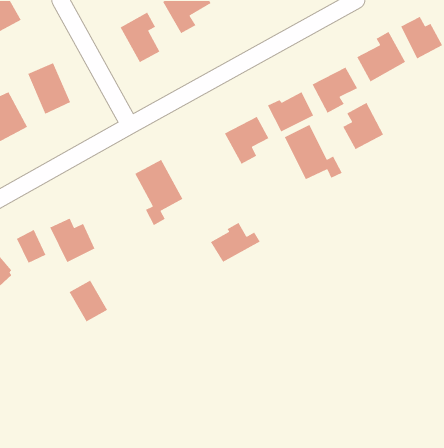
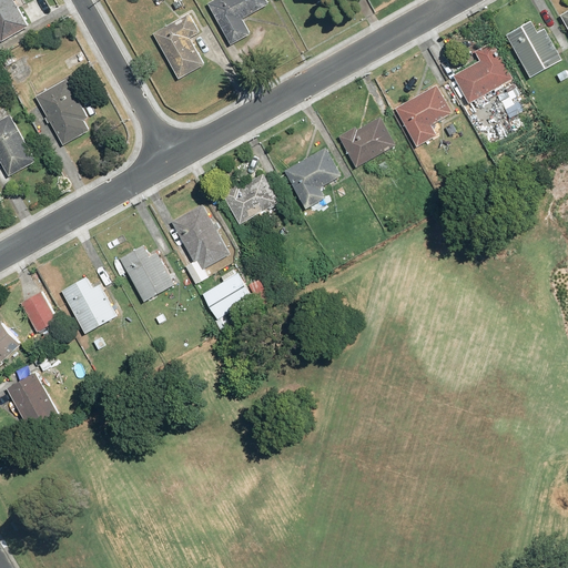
building: [342,102,384,150] -> none
building: [284,124,343,180] -> none
building: none -> [222,173,280,223]
building: none -> [118,241,174,302]
building: [210,222,261,263] -> [201,267,265,320]
building: [69,279,108,322] -> [7,372,57,426]

